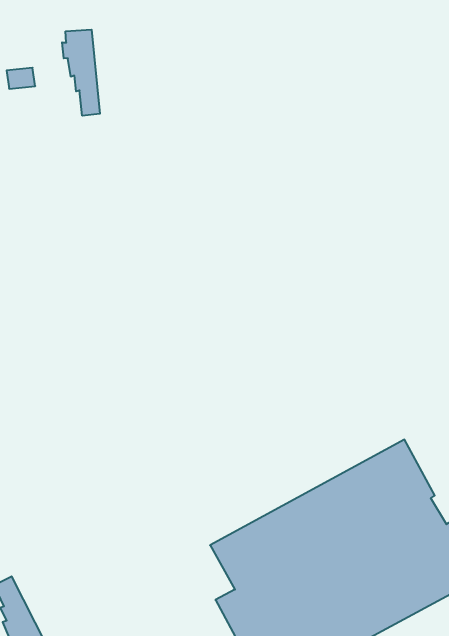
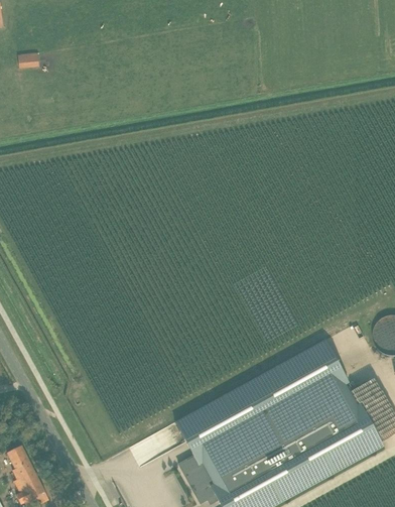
building: [62,30,100,116] -> none

